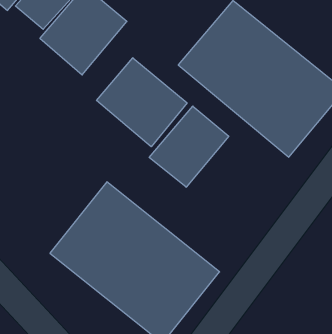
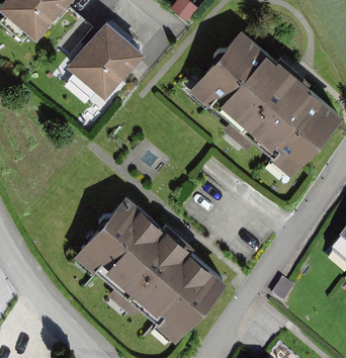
building: [97,58,187,147] -> none
building: [149,106,229,187] -> none

